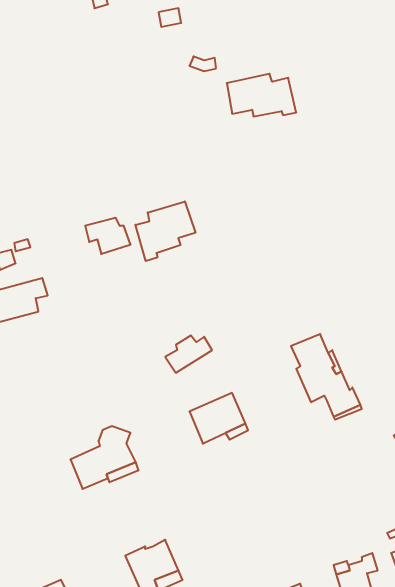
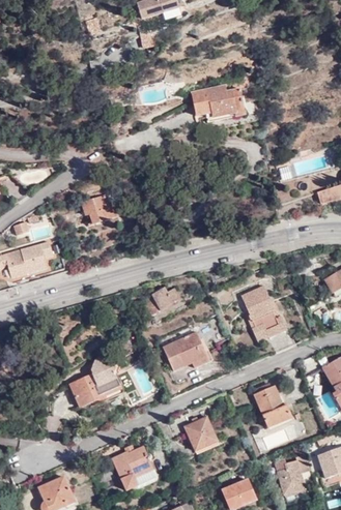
building: [135,201,195,261] -> none
building: none -> [254,383,292,425]
building: none -> [184,416,217,448]

